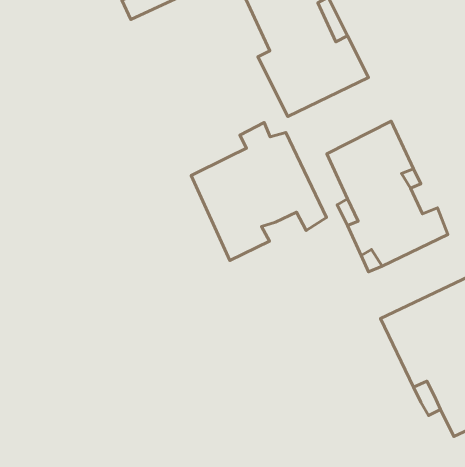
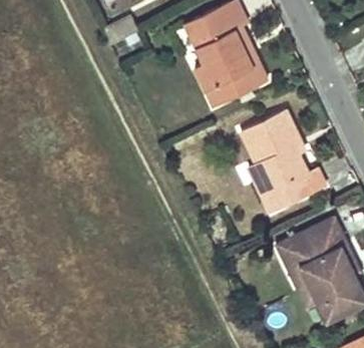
building: [191,122,327,260] -> none

